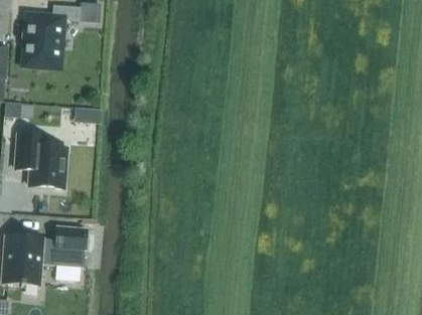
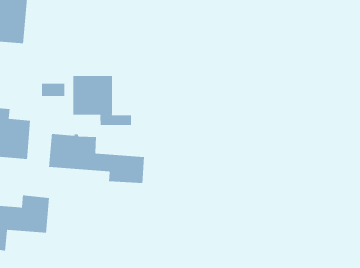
building: none -> [73,75,132,126]
building: none -> [49,133,144,184]

